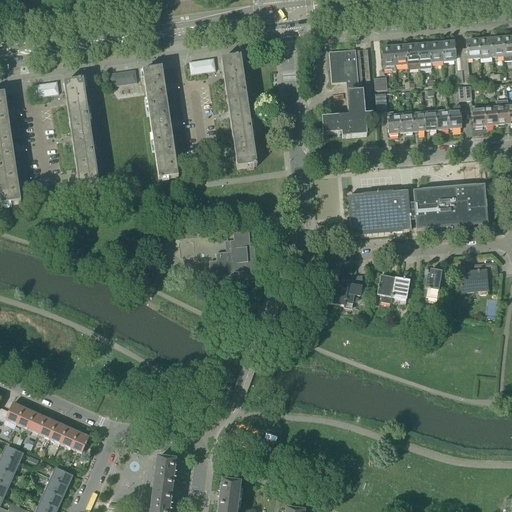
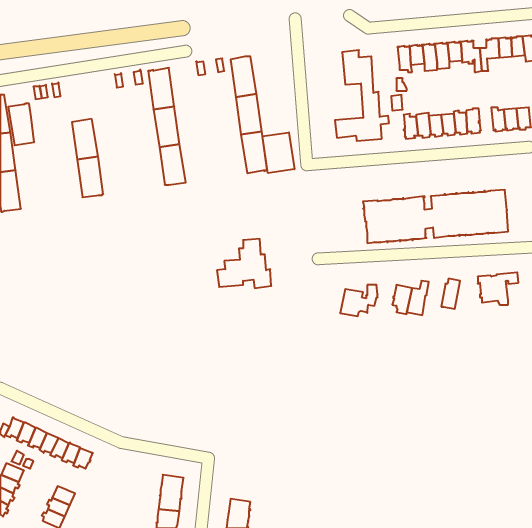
building: [64,77,89,117] -> [8,104,34,145]
building: none -> [262,132,294,173]

